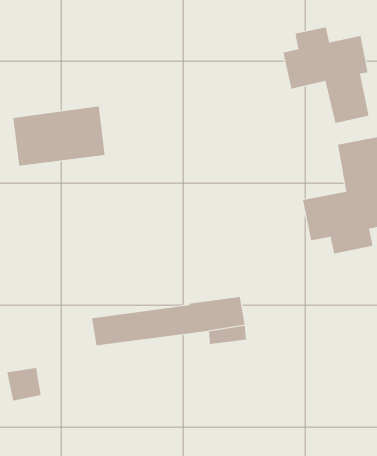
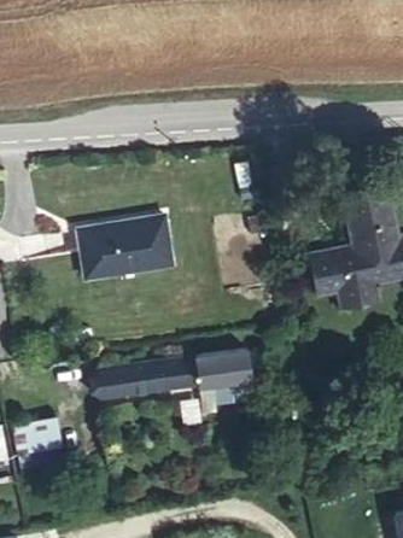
building: [283,27,369,124] -> none
building: [12,106,105,166] -> [80,216,173,276]

